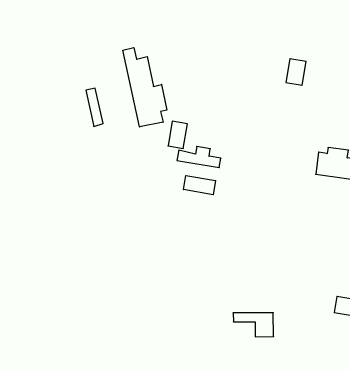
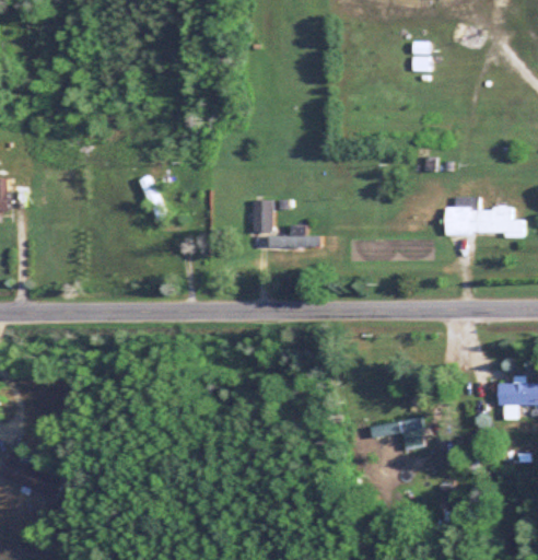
building: [123,48,167,127] -> none
building: [286,59,306,85] -> [411,42,432,72]
building: [184,176,216,195] -> none

